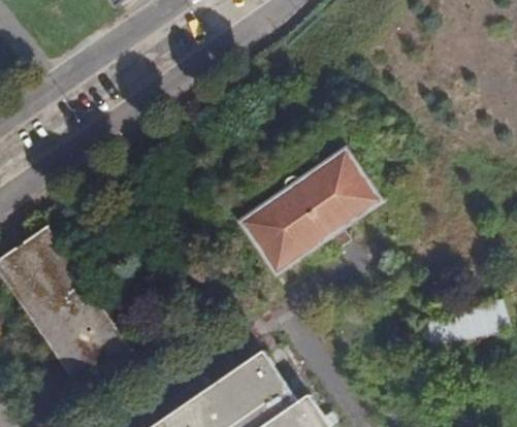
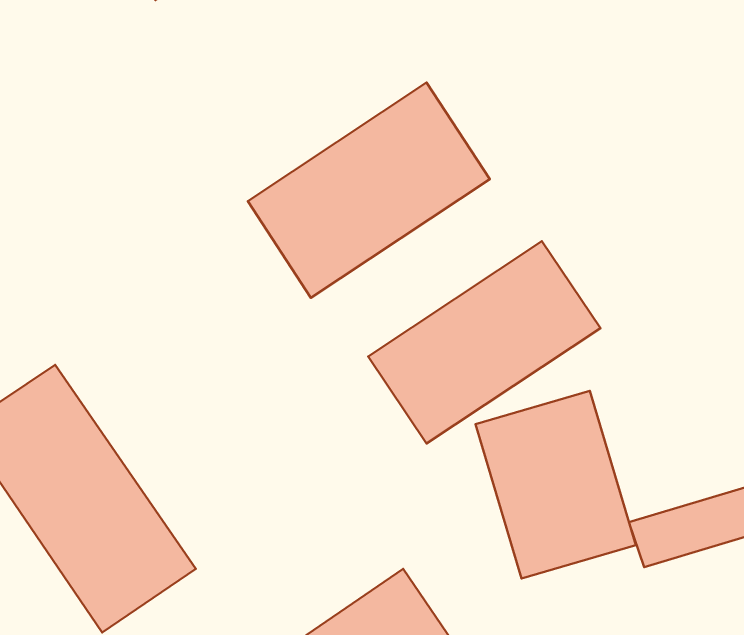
building: none -> [248,82,490,298]
building: none -> [476,391,636,579]

